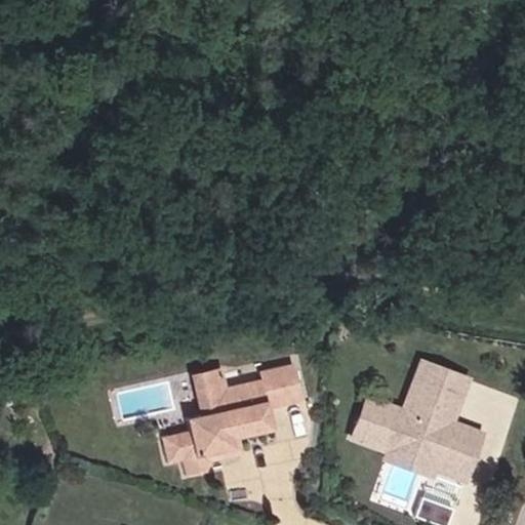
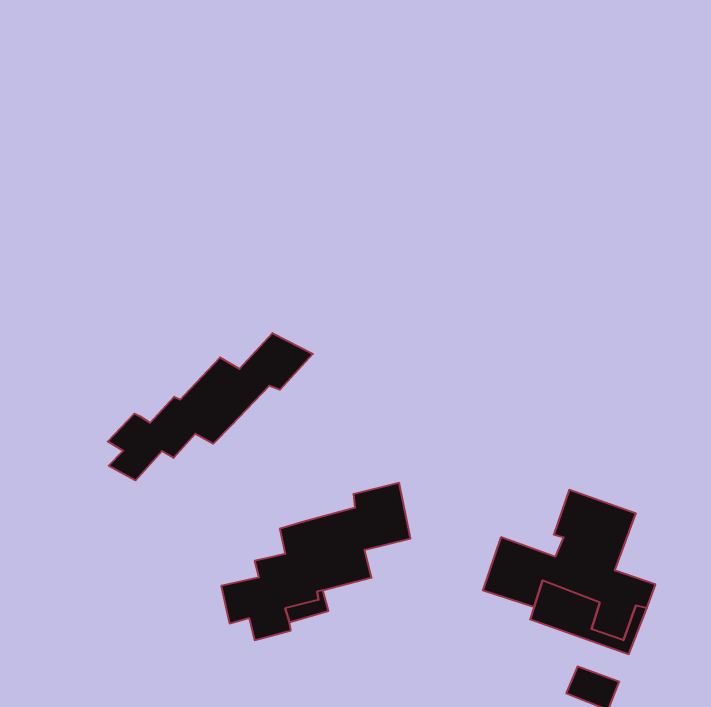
building: none -> [108,333,313,480]
building: [191,367,224,413] -> none

